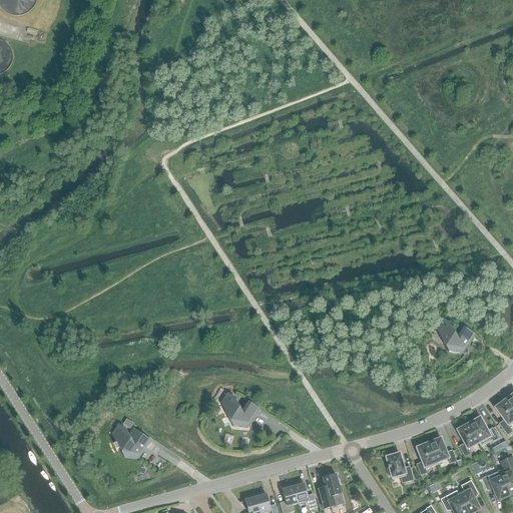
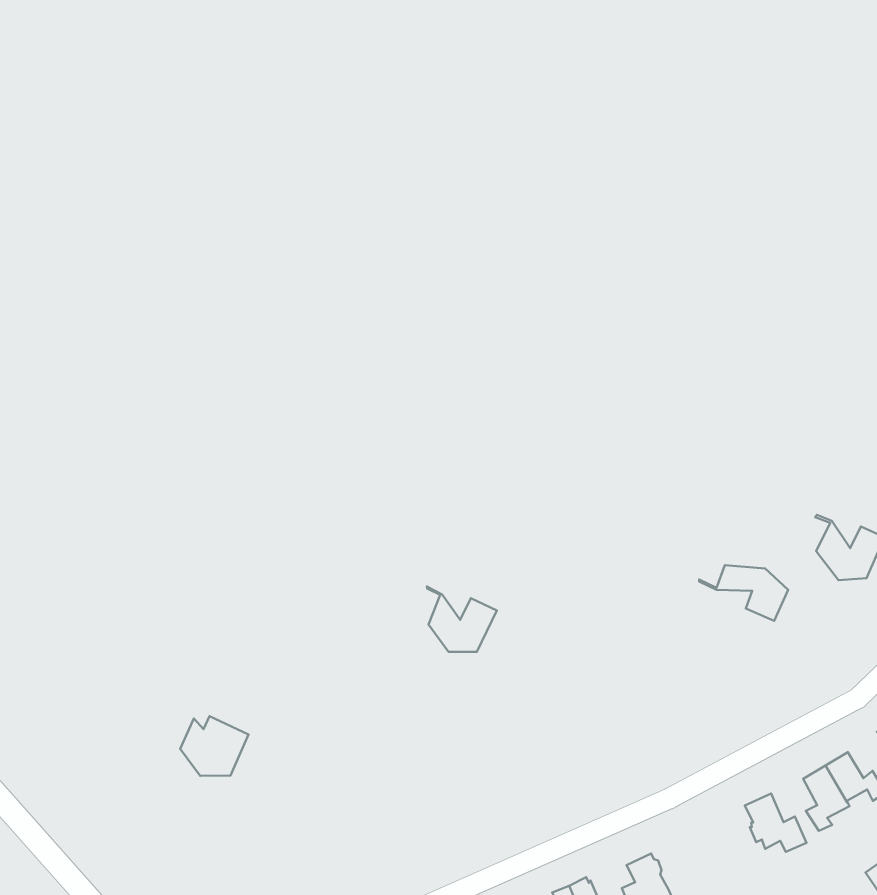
building: none -> [699,565,788,621]
building: [224,390,260,426] -> [427,587,497,652]
building: [115,426,150,457] -> [180,716,249,776]

